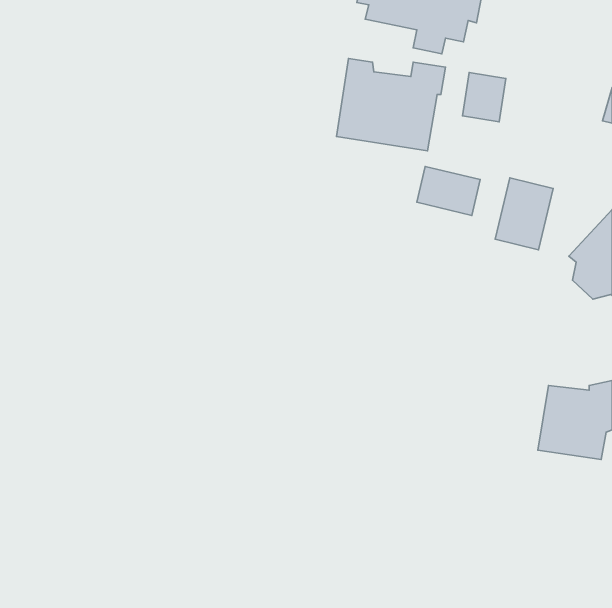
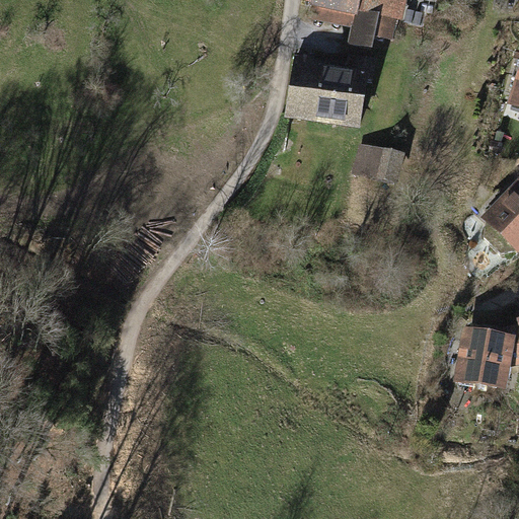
building: [462,73,506,122] -> none
building: [495,178,553,250] -> none

